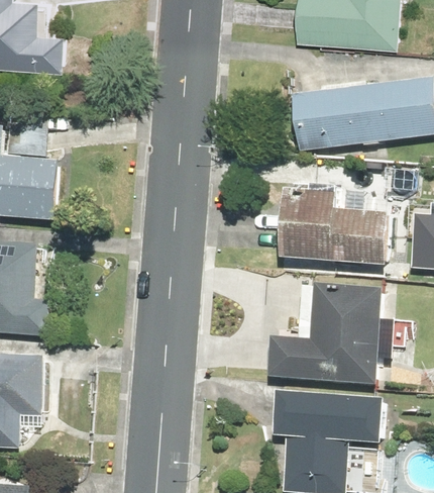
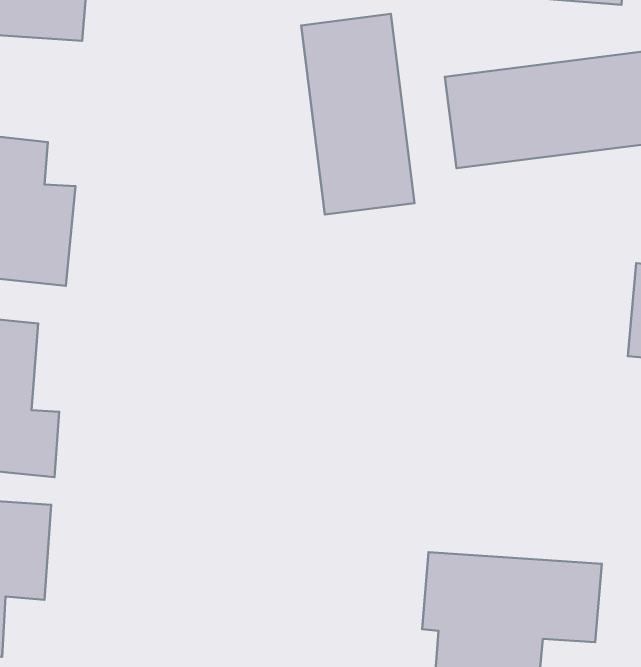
building: none -> [301,14,415,215]
building: [279,185,388,264] -> none
building: [267,282,379,385] -> none

